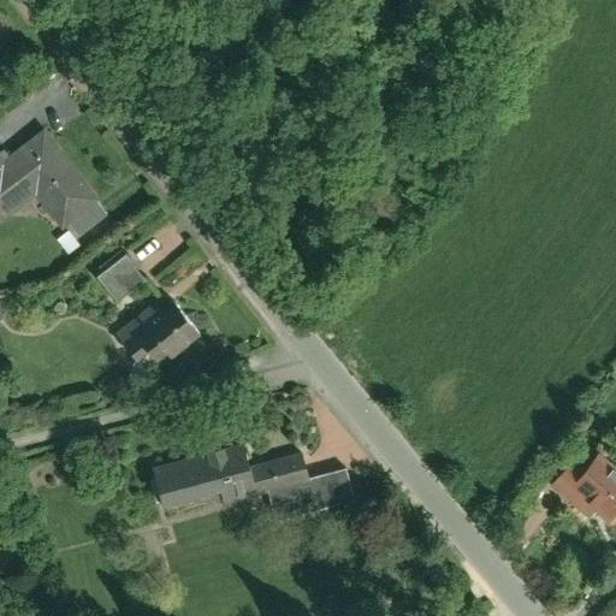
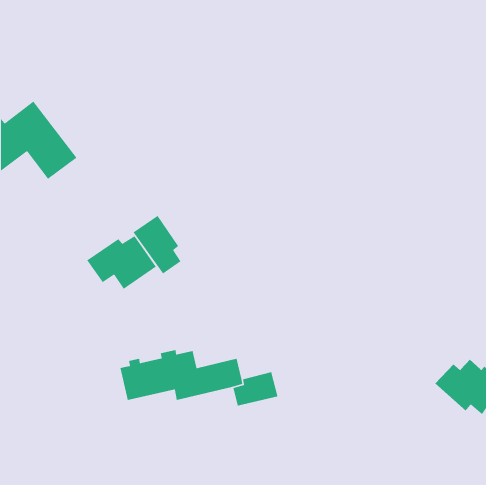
building: [95,256,146,306] -> none
building: none -> [133,215,181,274]

